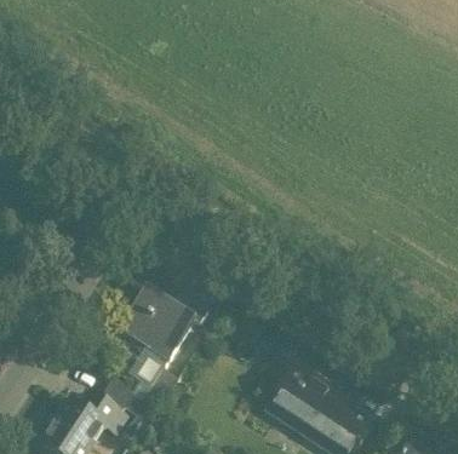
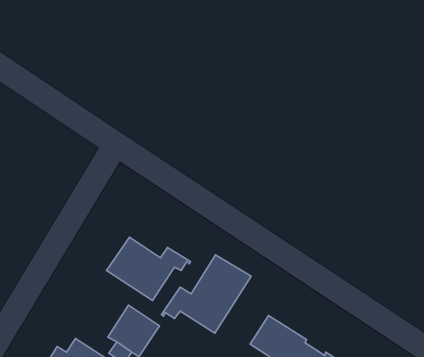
building: none -> [162,255,251,333]

